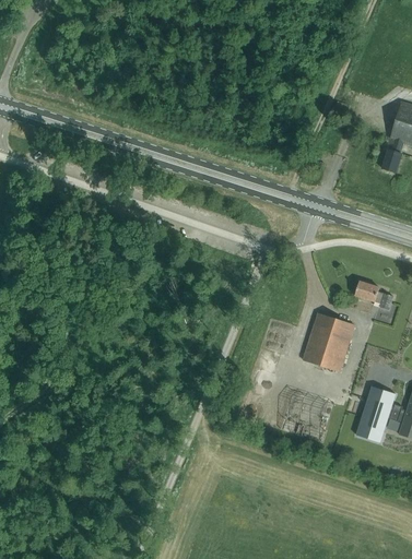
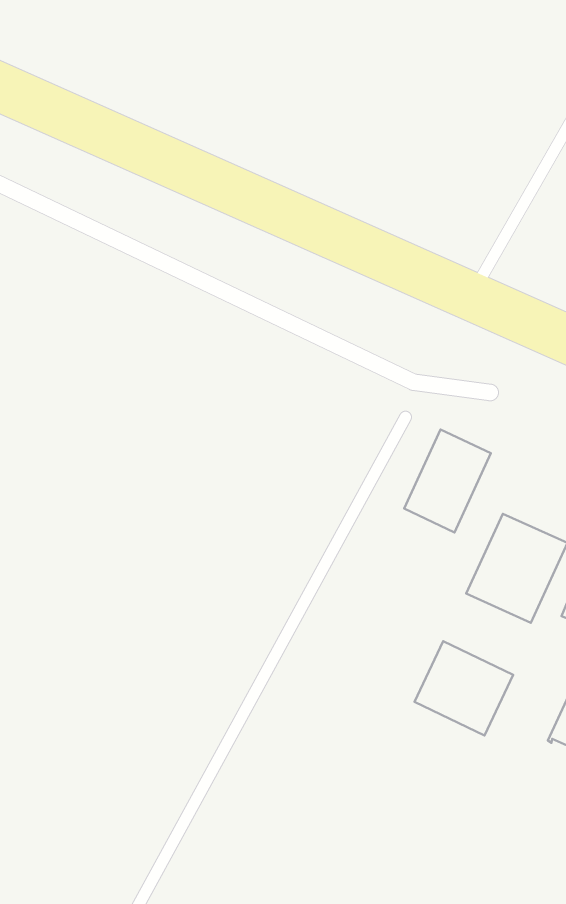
building: none -> [404,429,491,532]

